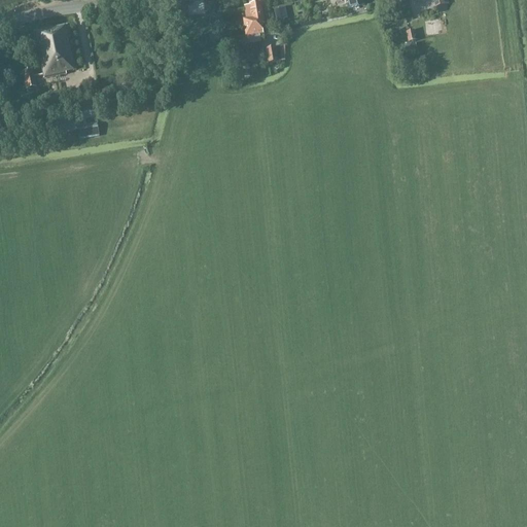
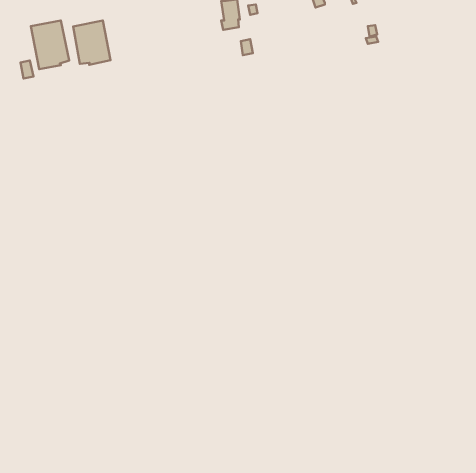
building: none -> [73,21,110,65]

